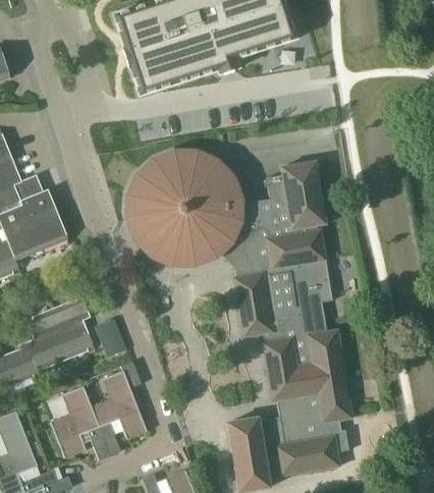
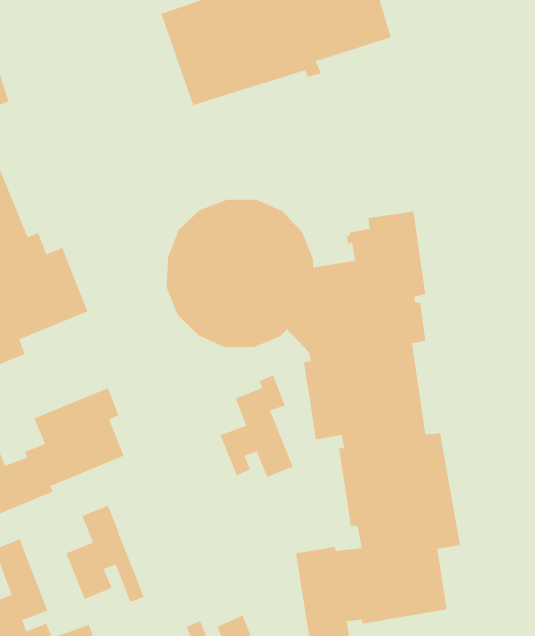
building: [96,319,127,358] -> none
building: [92,361,148,439] -> [220,375,294,477]

